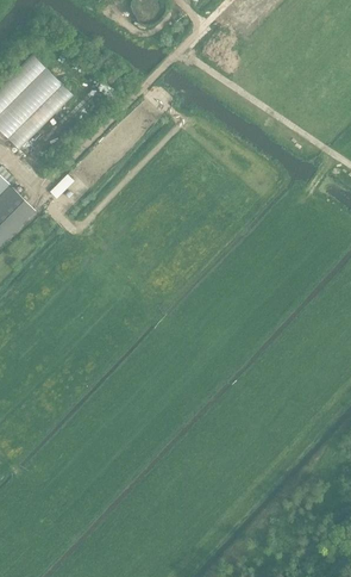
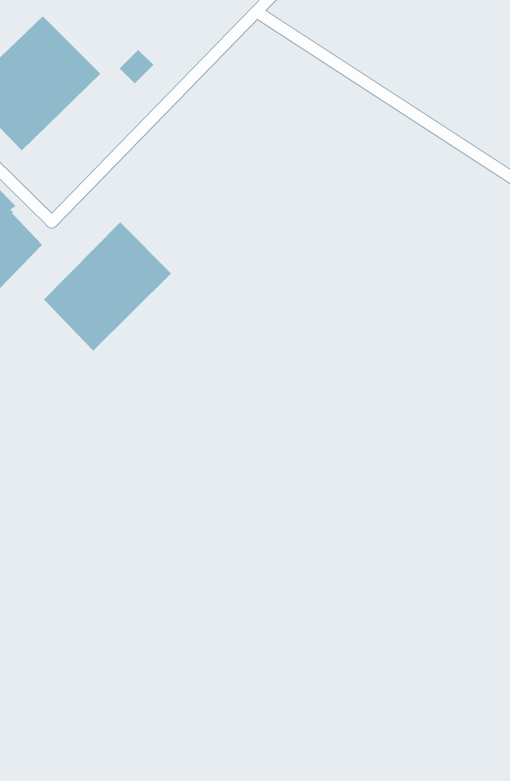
building: none -> [43,222,172,351]

